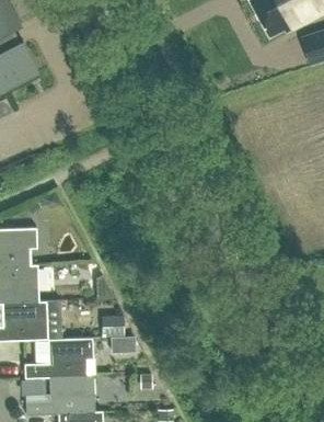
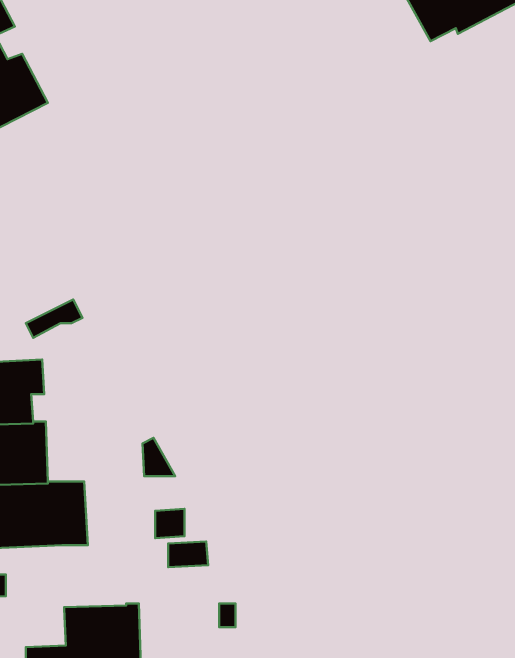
building: [23,339,92,379] -> none

